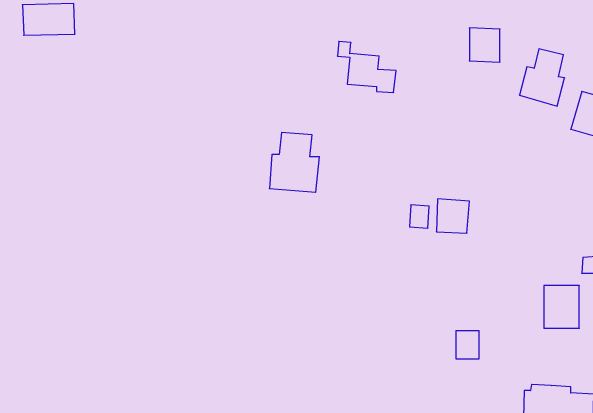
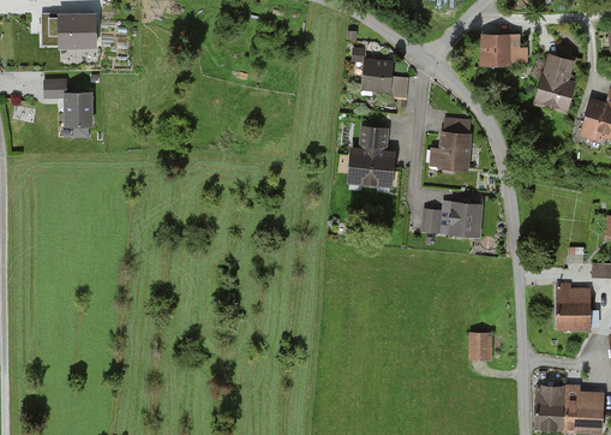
building: none -> [43,79,92,129]
building: none -> [430,118,472,169]
building: [269,132,319,192] -> [347,127,396,186]

